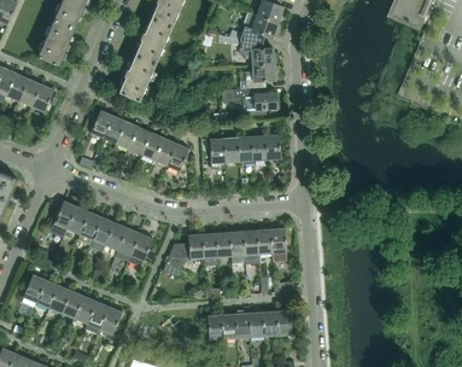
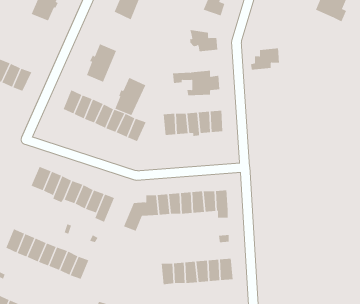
building: [229,13,277,42] -> none
building: [134,18,171,64] -> [115,77,146,116]
building: [37,21,74,66] -> none
building: [240,63,275,89] -> [250,48,280,70]

